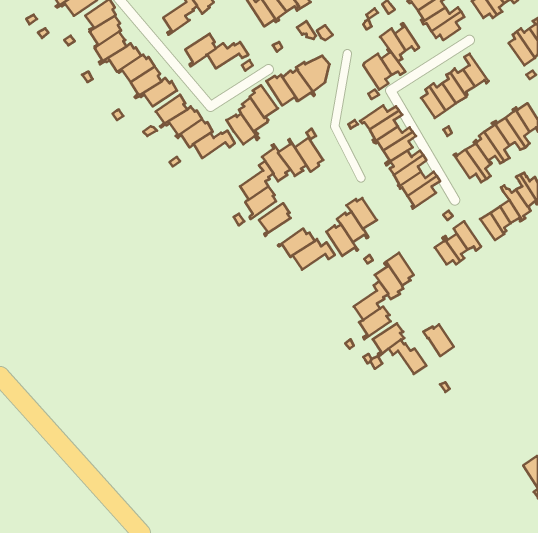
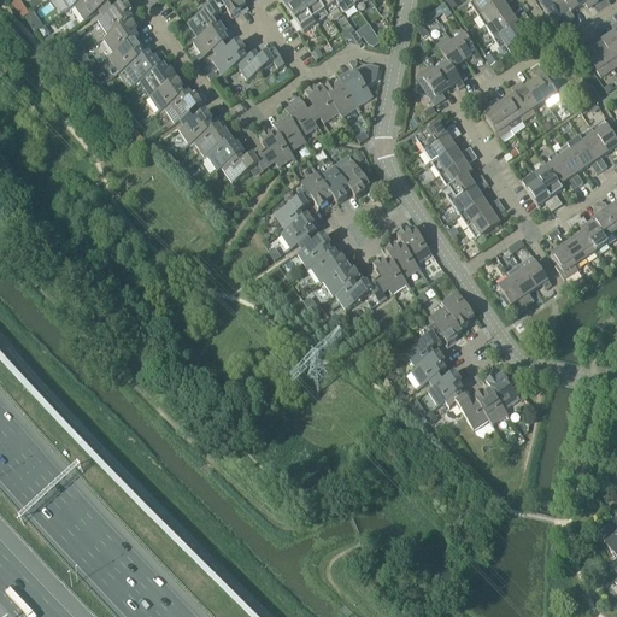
building: none -> [192,20,228,58]
building: none -> [305,248,347,281]
building: none -> [472,387,510,423]

